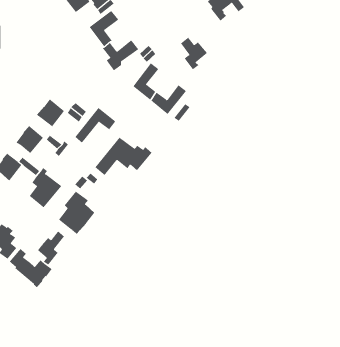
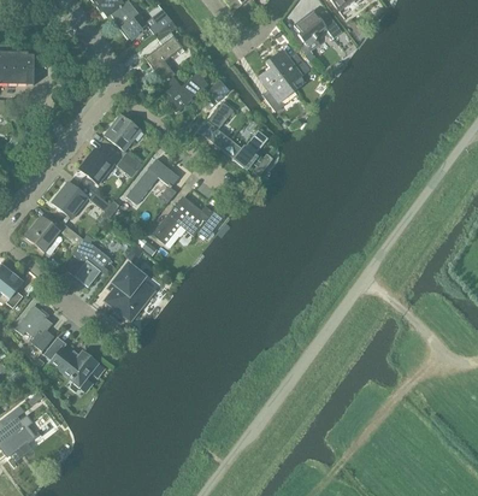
building: none -> [266,49,309,83]
building: none -> [105,114,141,150]
building: [37,231,65,266] -> none

